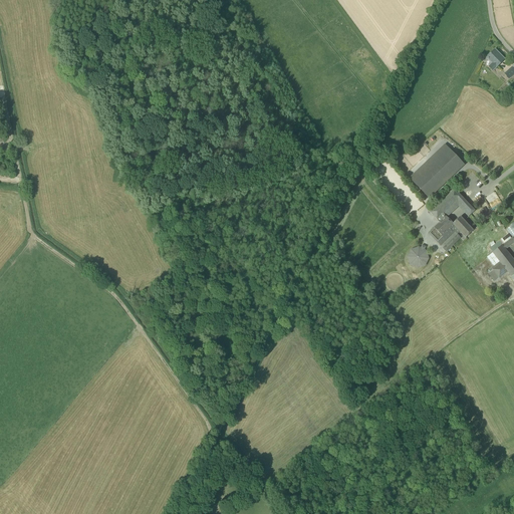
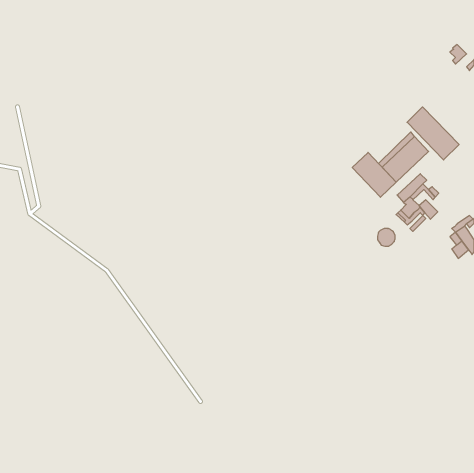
building: none -> [407,107,459,160]
building: none -> [352,152,396,197]

